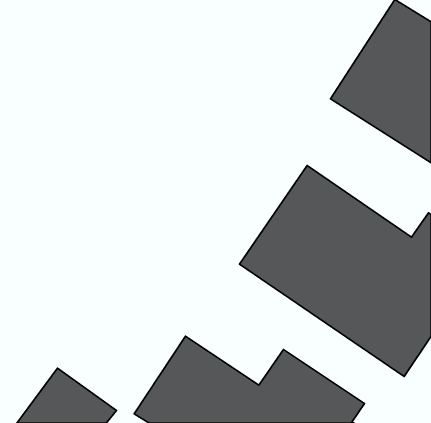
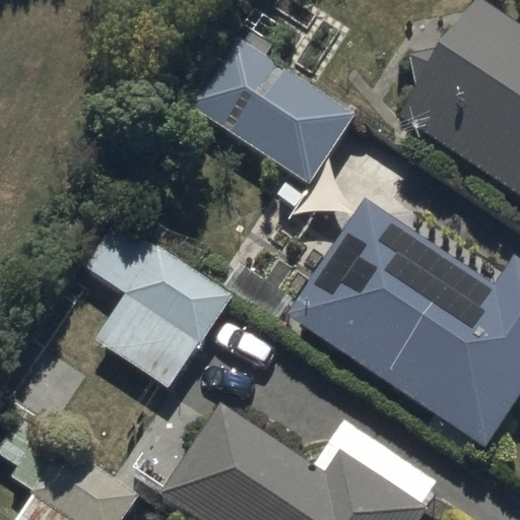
building: none -> [191,37,356,185]
building: none -> [79,215,232,389]

